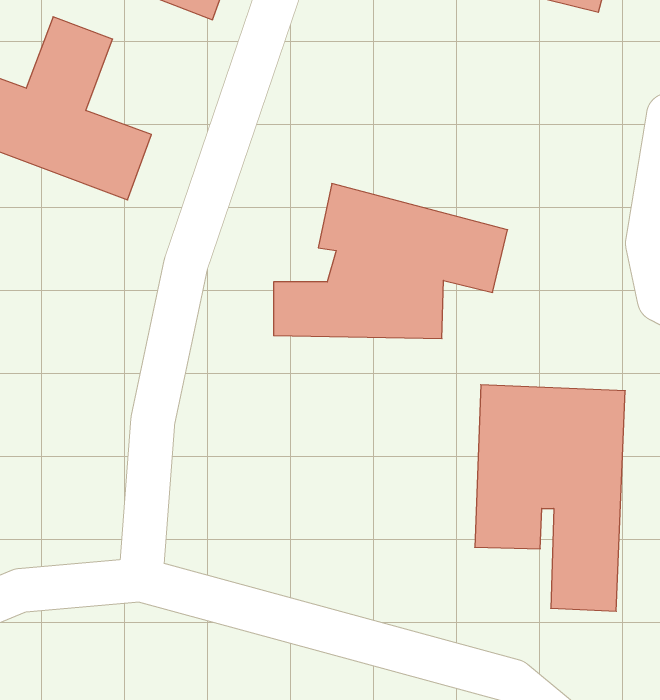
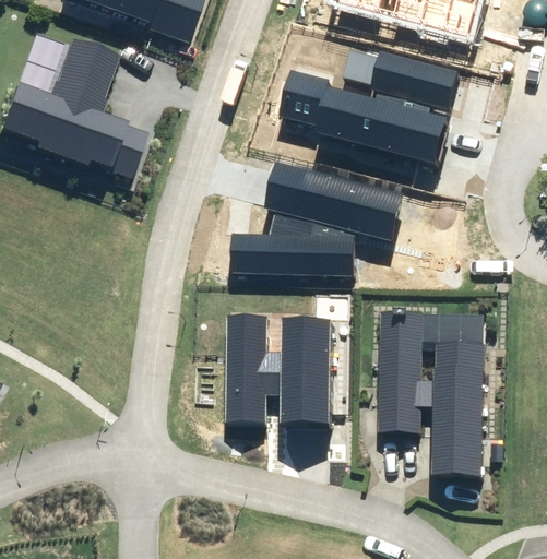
building: none -> [283,49,455,162]
building: none -> [224,312,329,423]

